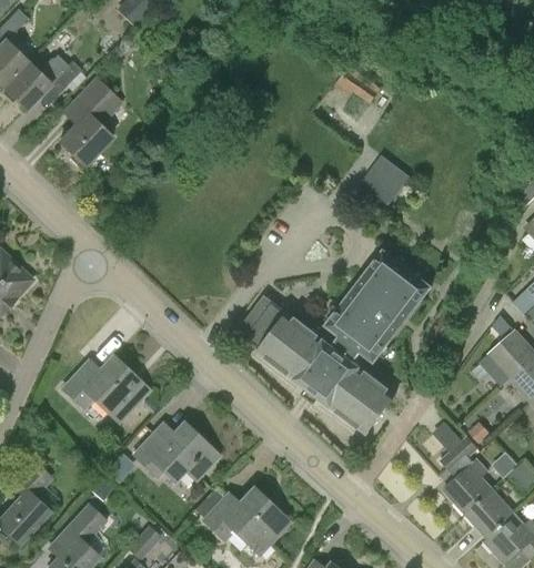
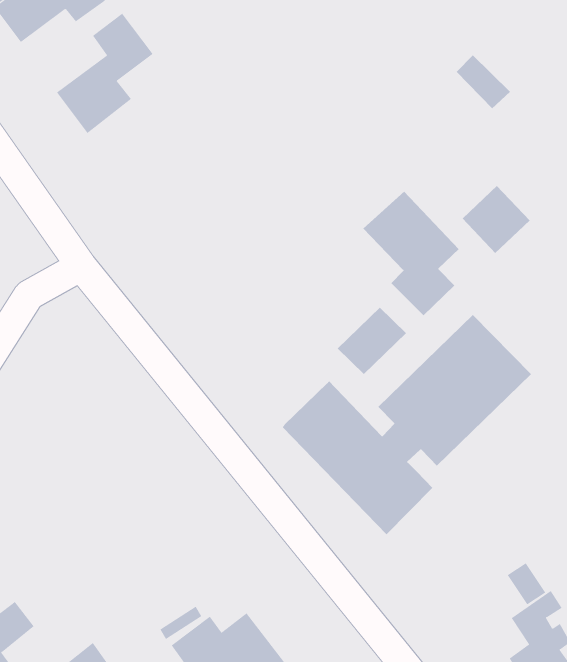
building: none -> [362,191,460,316]
building: [236,301,284,351] -> [337,307,407,375]
building: [63,356,149,423] -> none
building: [344,378,394,433] -> none
building: [134,423,219,481] -> none

